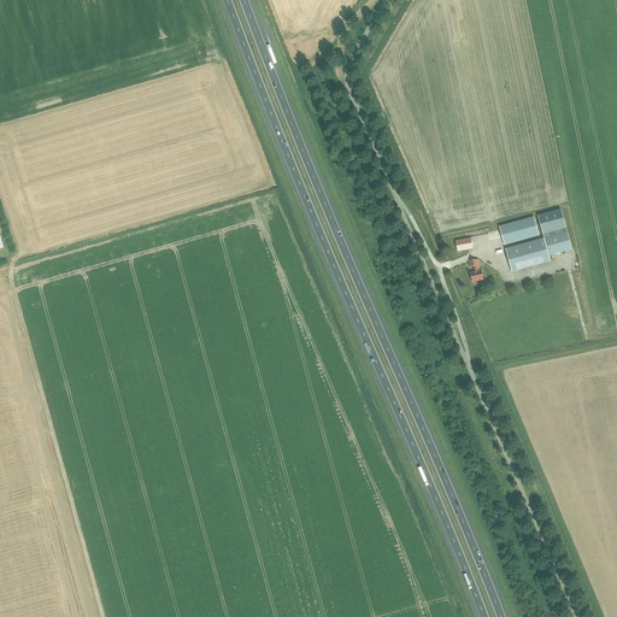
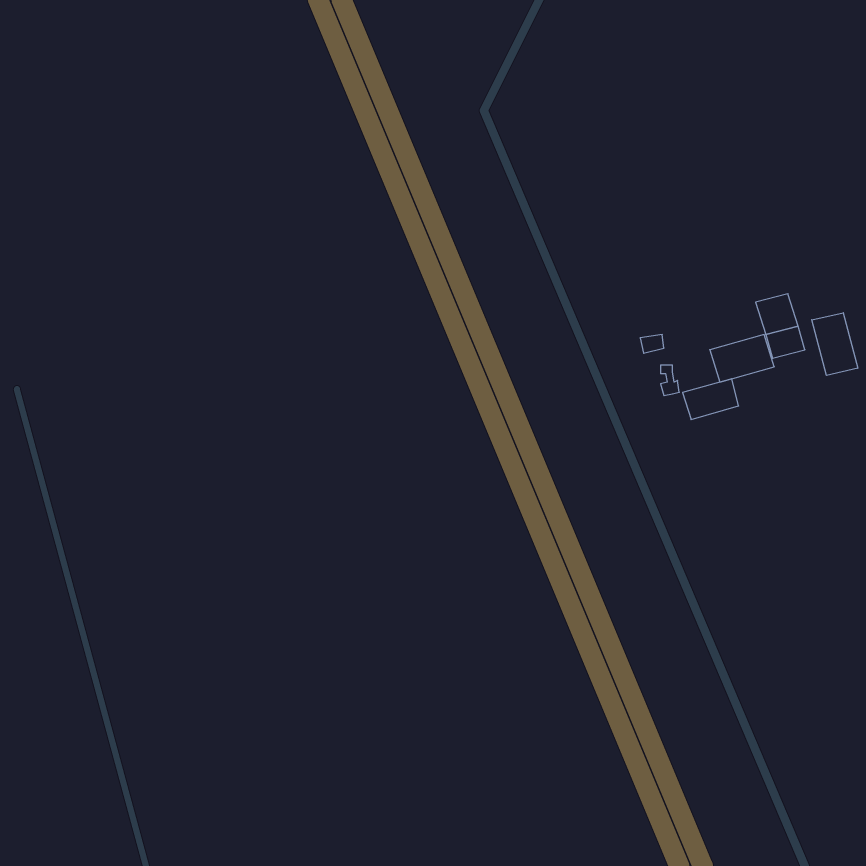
building: [498,216,537,245] -> [683,379,739,420]
building: none -> [812,313,858,375]

